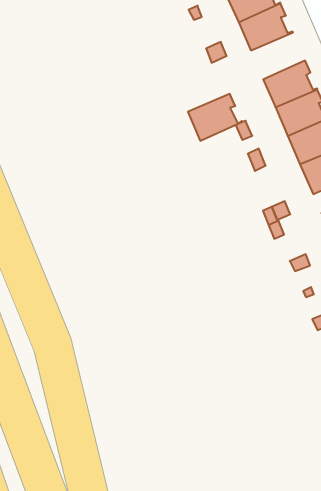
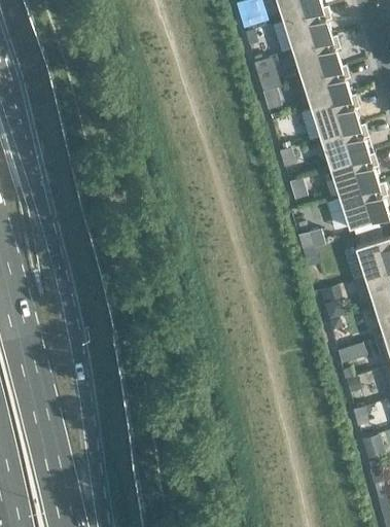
building: [188,94,242,141] -> [300,66,353,109]

